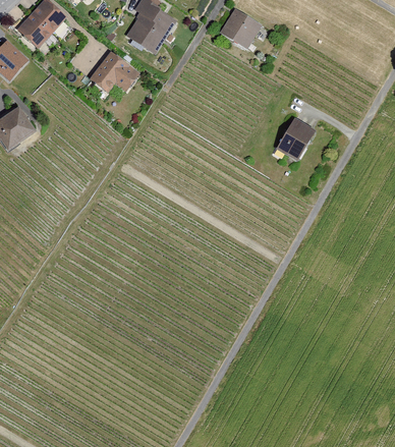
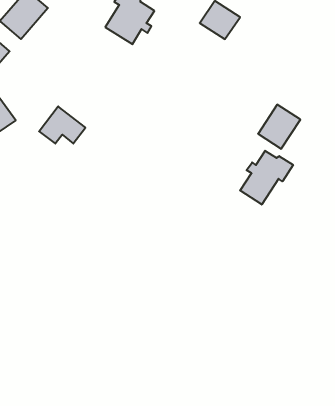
building: [92,55,138,93] -> [39,106,85,144]
building: none -> [240,151,293,205]

